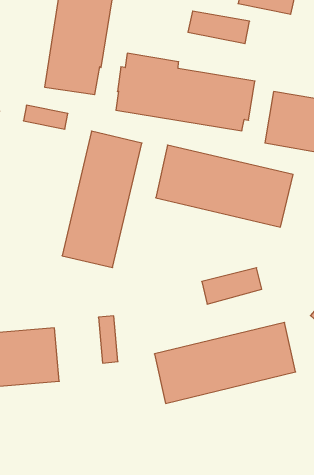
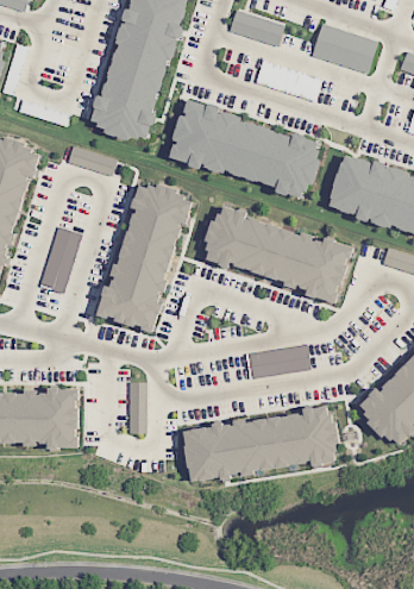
building: none -> [39,226,81,294]

